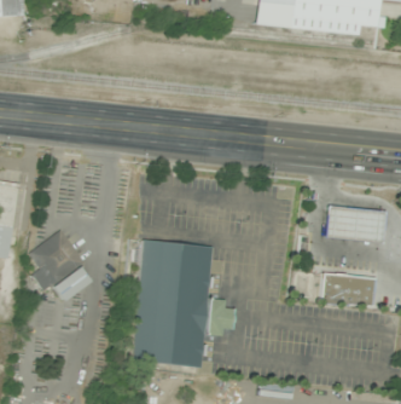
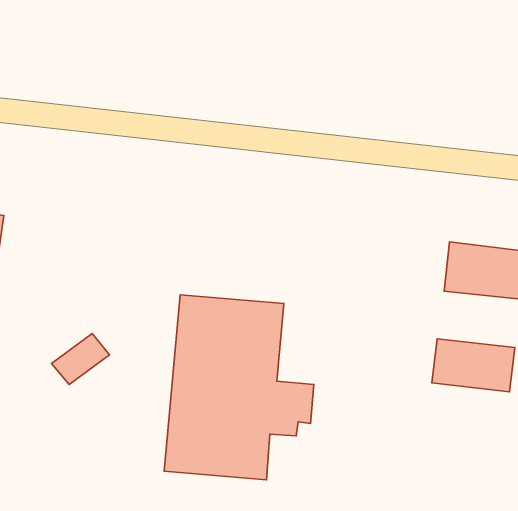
building: [29,229,82,287] -> none

